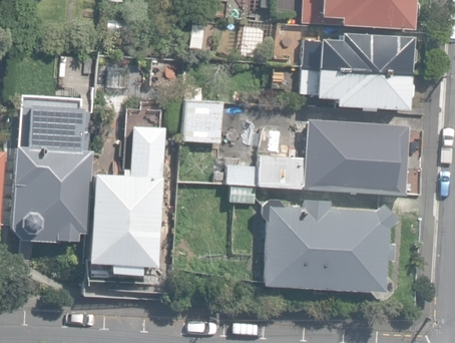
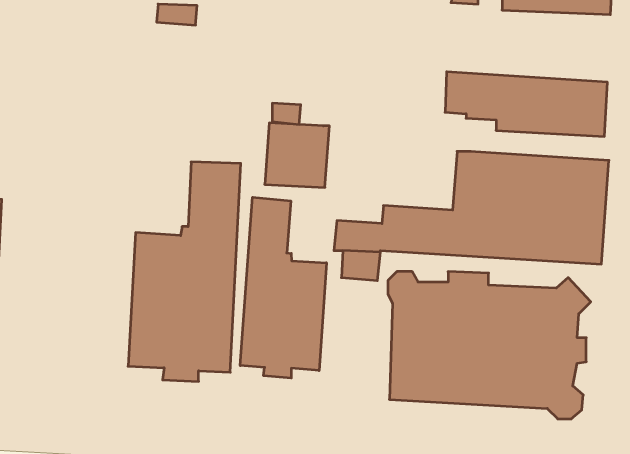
building: [302,33,411,73] -> none
building: [11,105,92,243] -> none
building: none -> [240,197,326,378]

